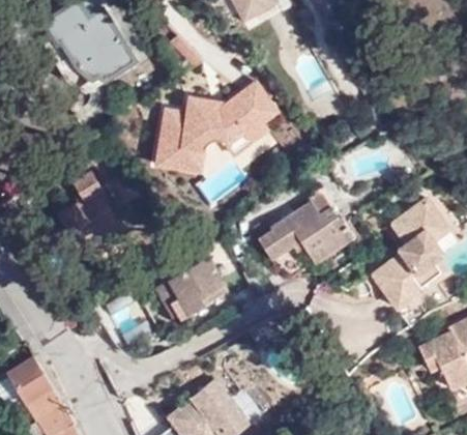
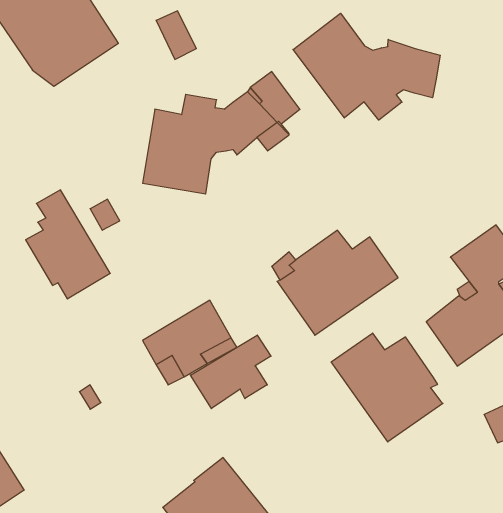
building: none -> [293,13,440,120]
building: none -> [331,333,443,442]
building: none -> [190,335,271,409]

